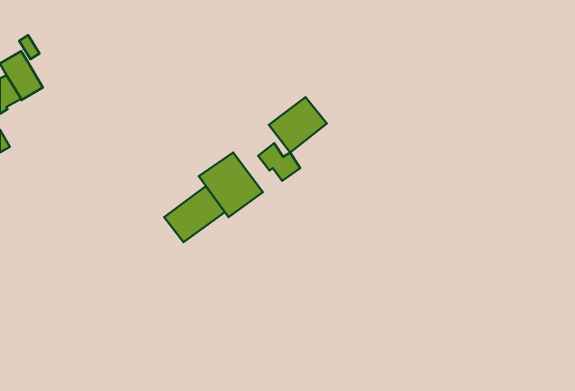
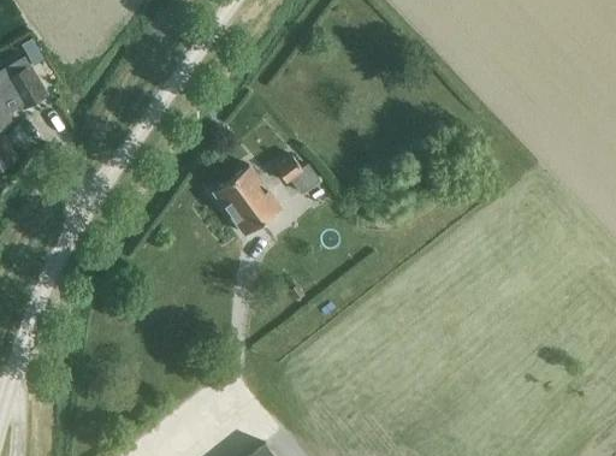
building: [269,97,327,152] -> none
building: [164,186,225,242] -> none

